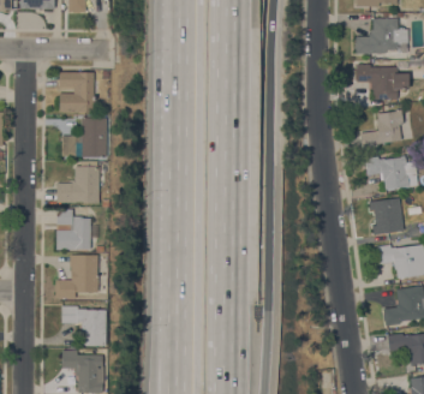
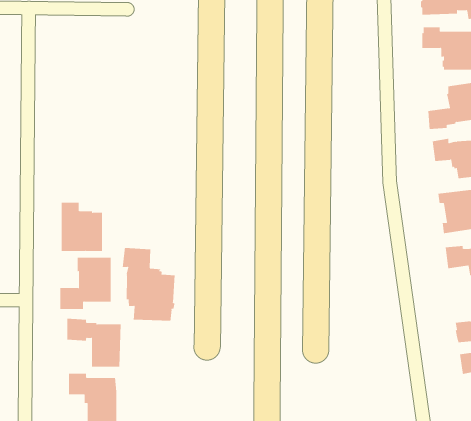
building: [59,72,94,113] -> none
building: [61,118,107,157] -> none
building: [56,162,104,203] -> none
building: none -> [122,247,175,321]

